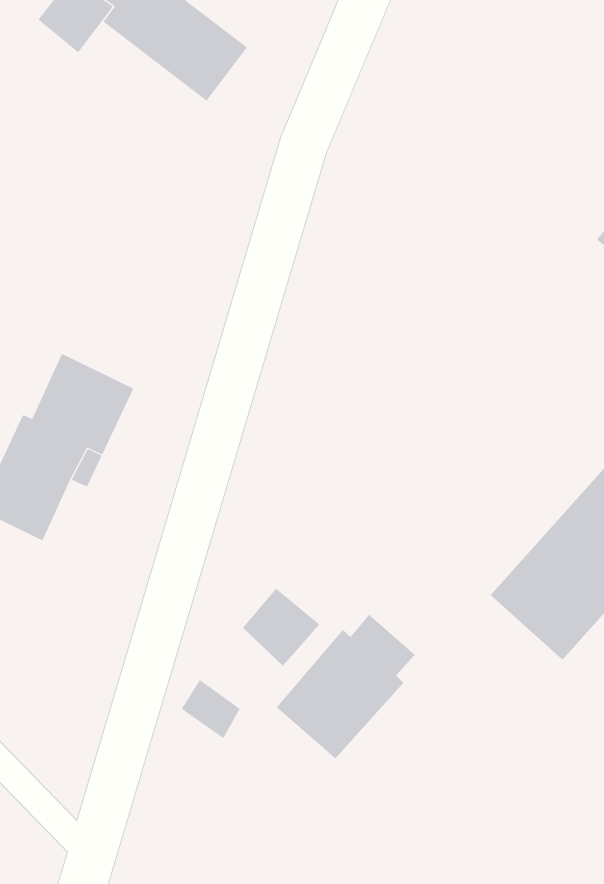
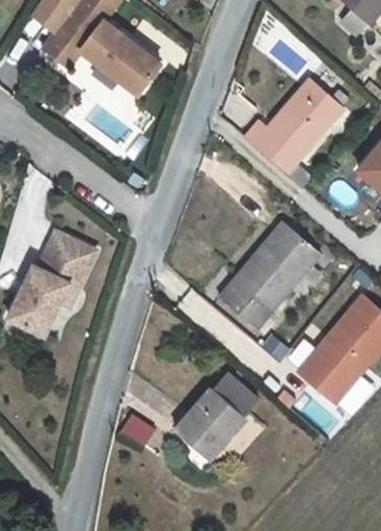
building: none -> [246,78,345,175]
building: none -> [221,221,321,330]
building: [242,588,320,666] -> none

